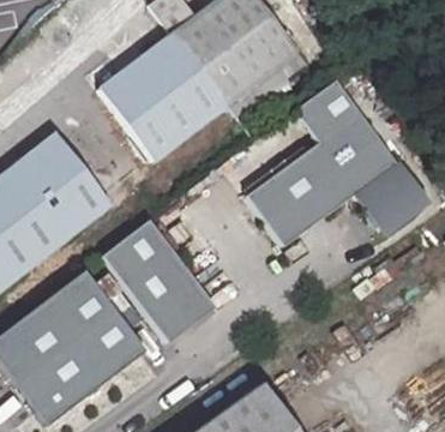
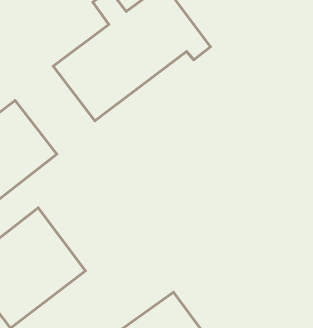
building: [247,82,423,247] -> none
building: [103,222,217,346] -> none

